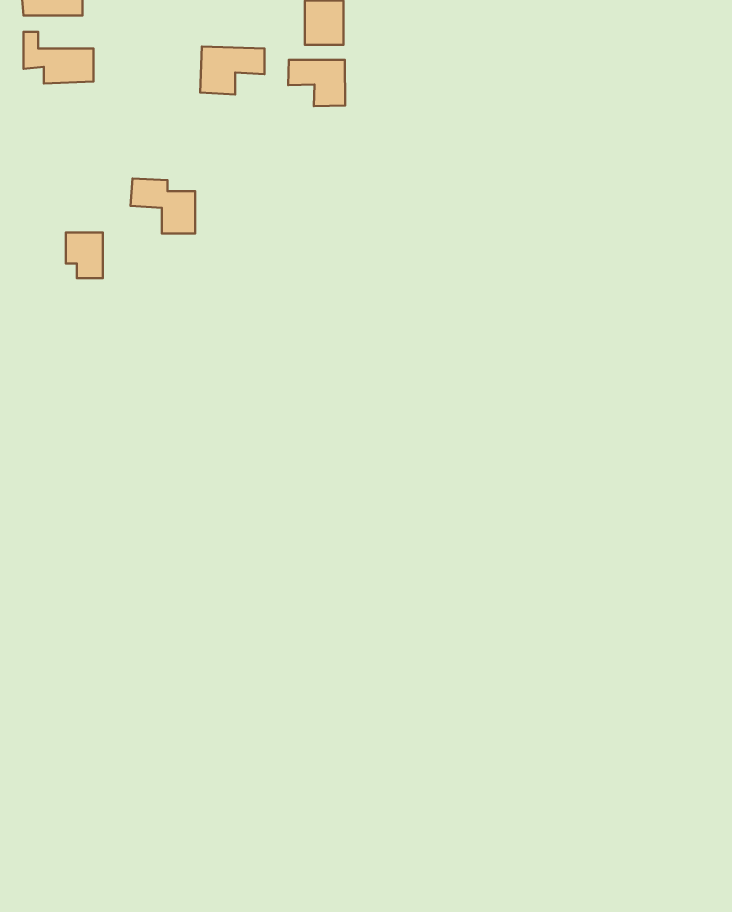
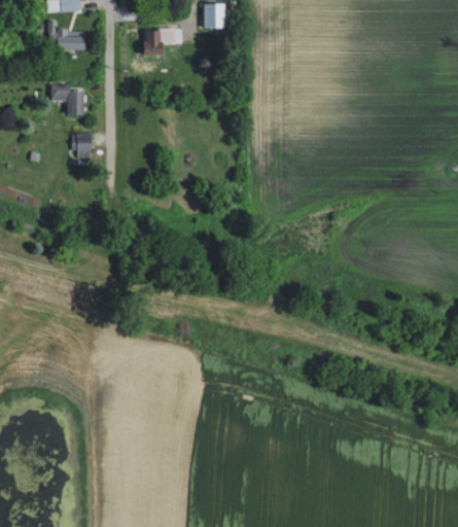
building: [288,60,345,106] -> none
building: [131,178,195,234] -> [48,84,84,115]

